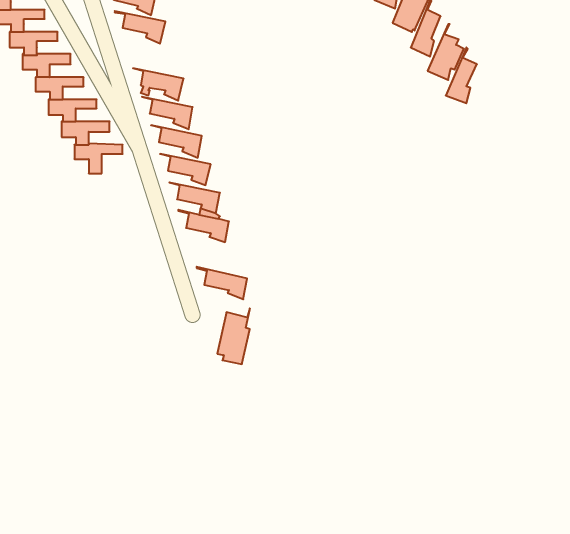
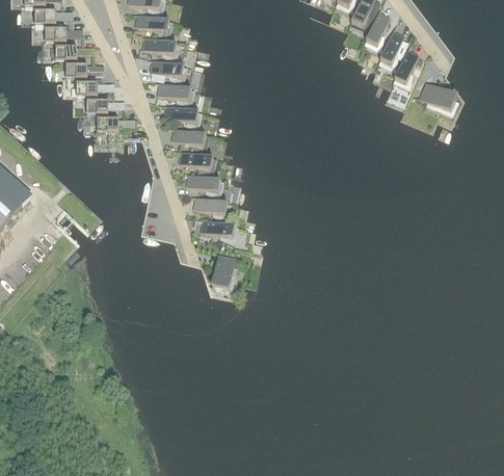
building: none -> [136,34,177,60]
building: none -> [413,81,458,115]
building: none -> [187,193,228,219]

